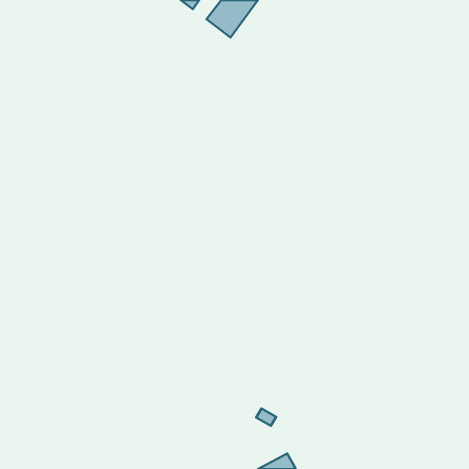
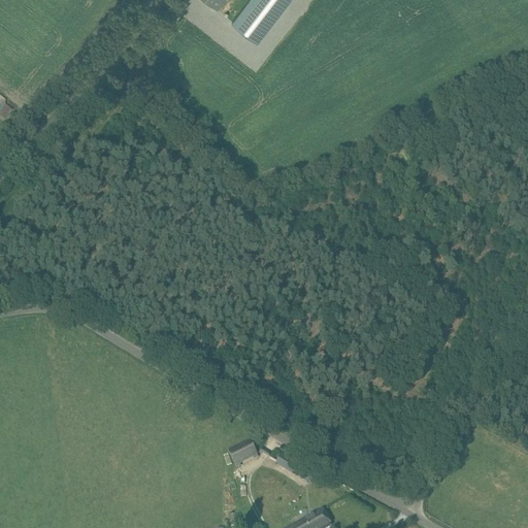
building: none -> [229,440,258,465]

